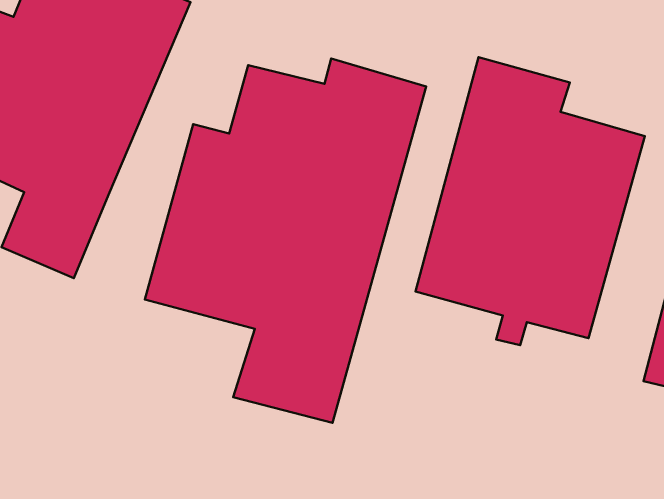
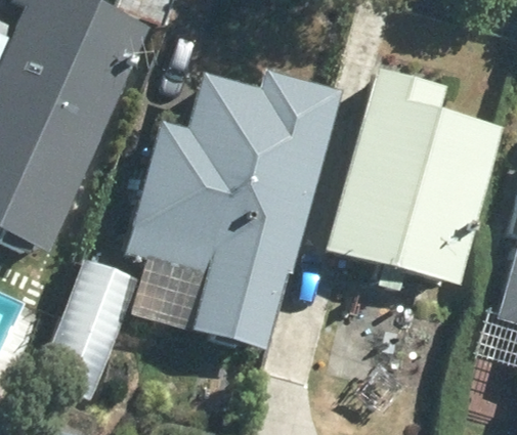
building: none -> [47,256,145,395]

